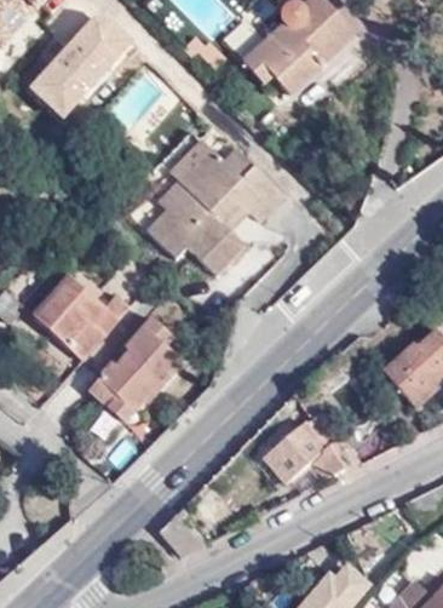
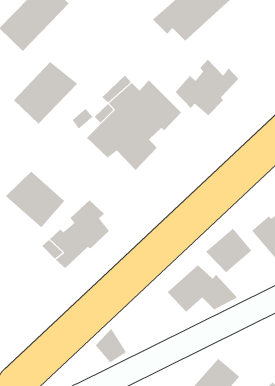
building: none -> [175,59,239,116]
building: none -> [13,61,78,125]
building: none -> [205,228,252,273]

